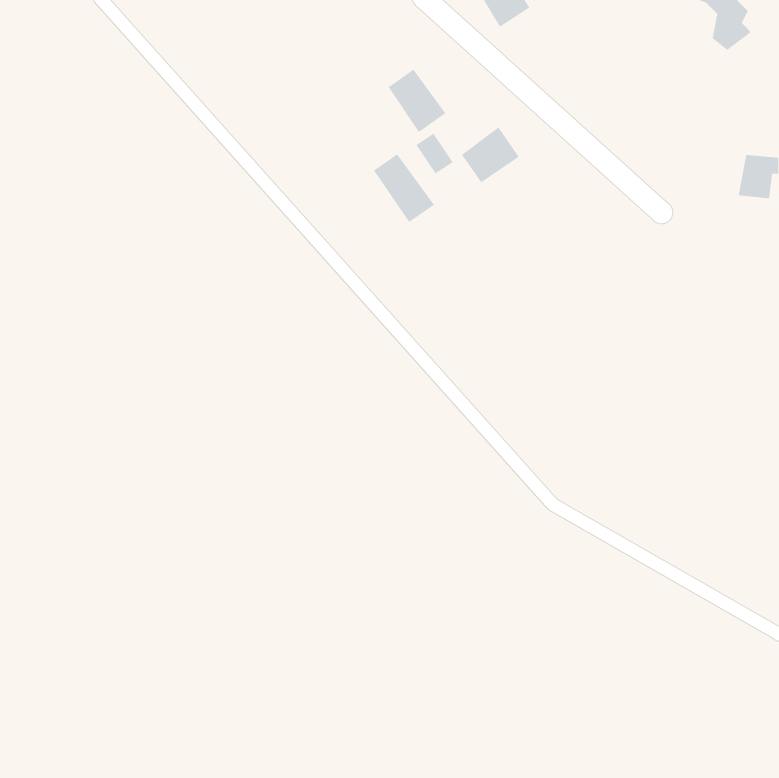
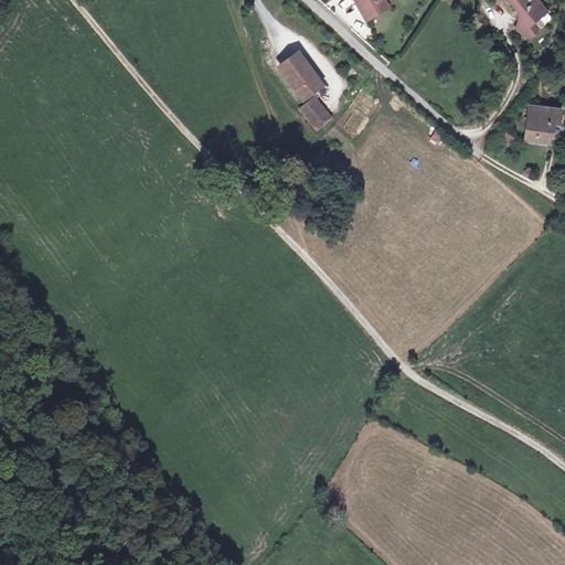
building: [461,126,519,183] -> none
building: [373,153,435,223] -> none

